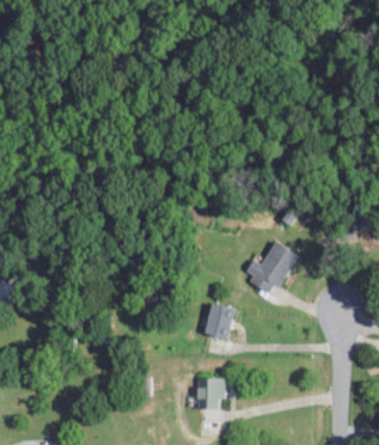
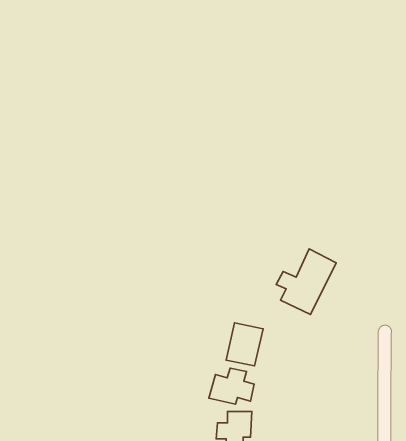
building: none -> [209,368,254,404]

